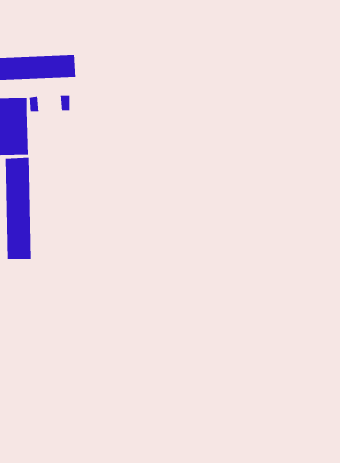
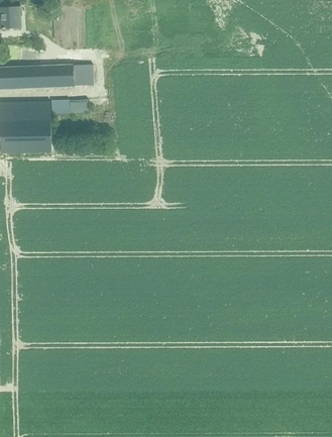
building: [5,157,32,260] -> none

